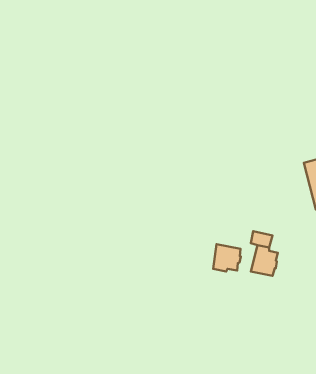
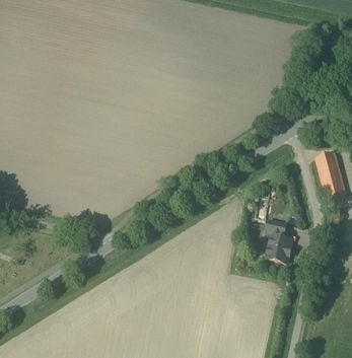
building: [213,244,241,272] -> none

